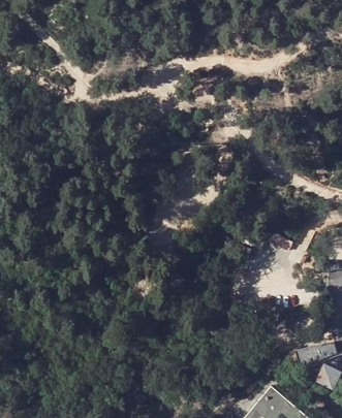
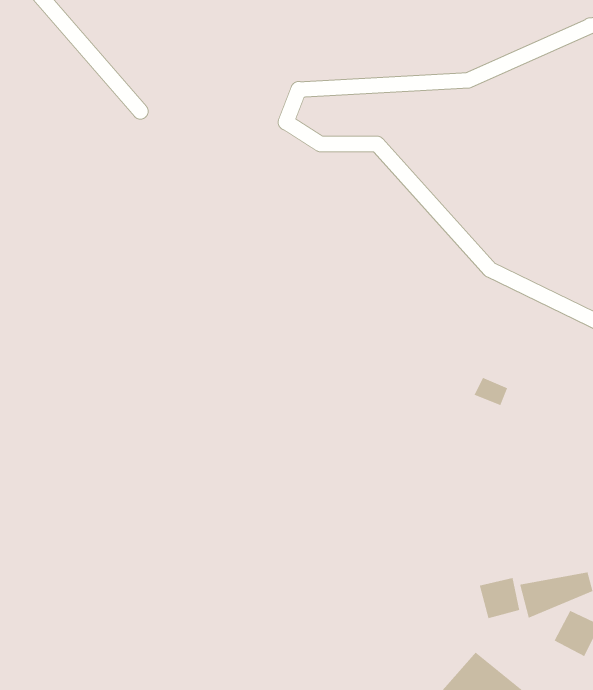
building: none -> [479,577,520,619]

